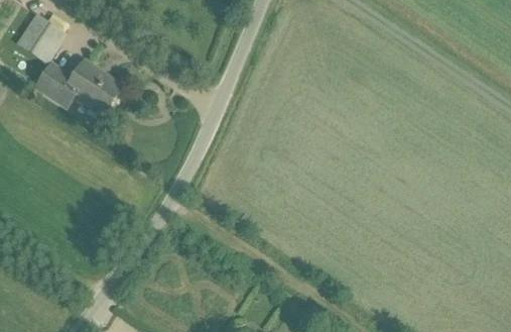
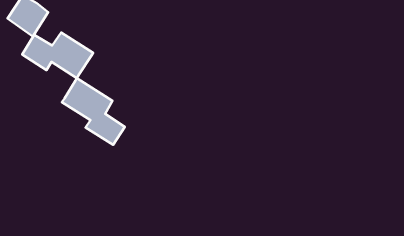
building: none -> [62,78,125,145]

